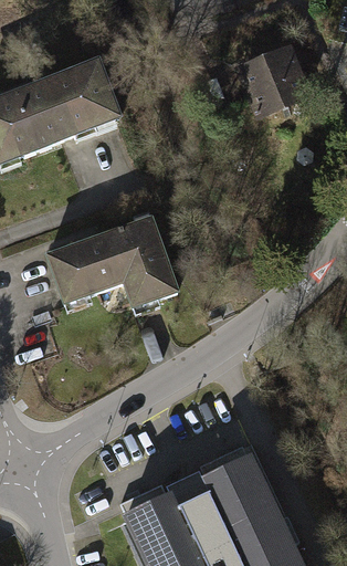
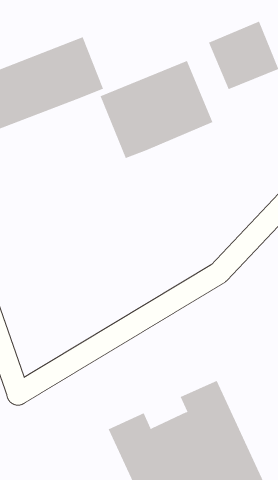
building: none -> [100,60,213,159]
building: [49,214,178,303] -> none

